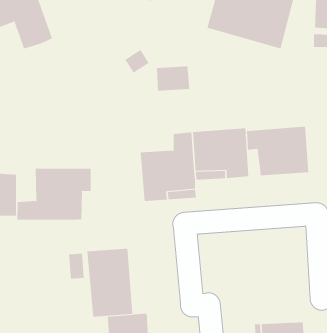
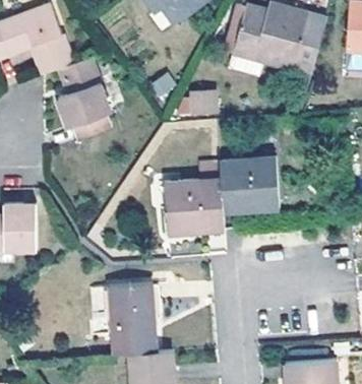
building: none -> [58,57,110,139]
building: [247,126,309,176] -> none
building: [17,168,91,221] -> none

